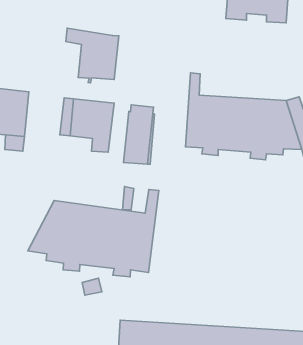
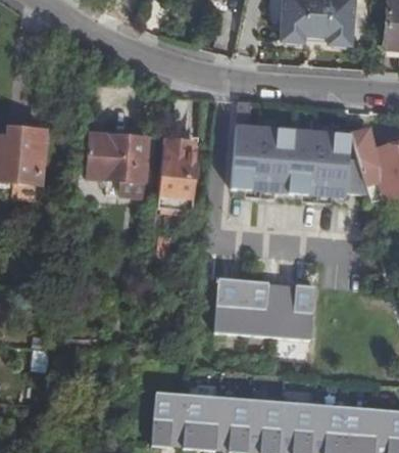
building: [66,28,119,83] -> none
building: [28,189,159,277] -> none
building: none -> [213,281,313,337]

